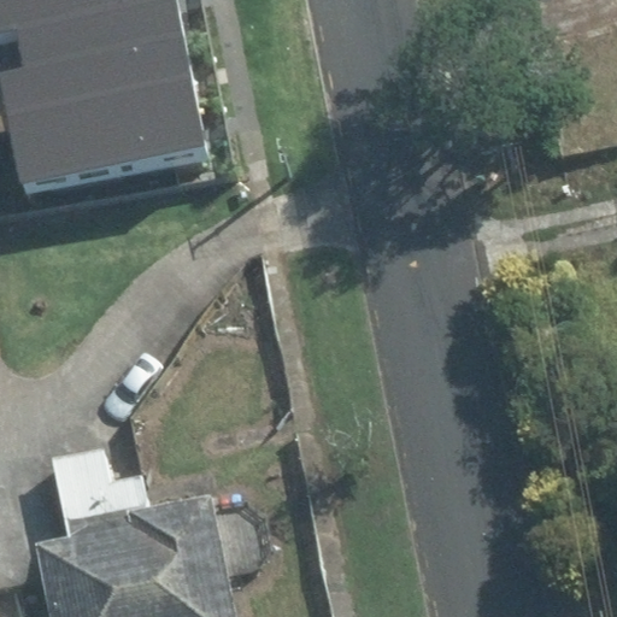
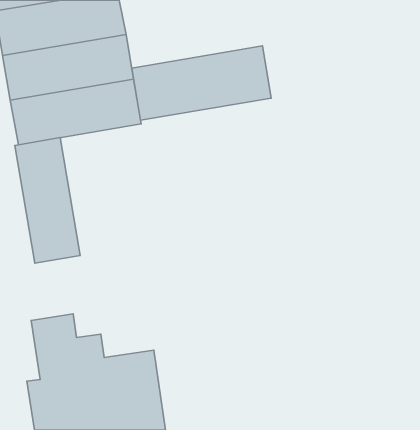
building: none -> [132,46,271,120]
building: none -> [15,138,80,263]

